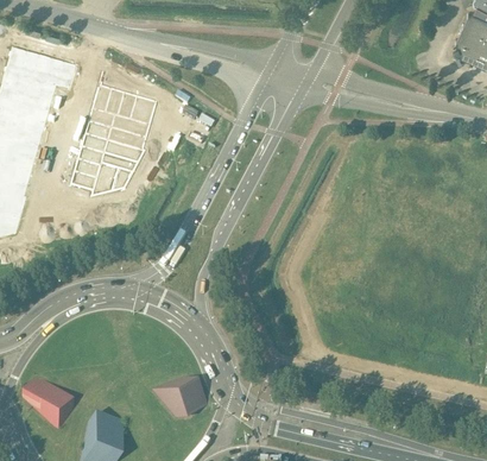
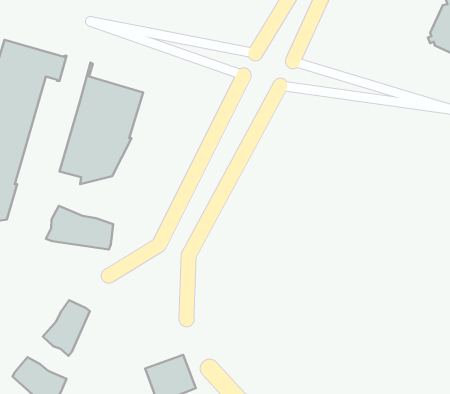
building: none -> [46,206,113,249]
building: none -> [43,300,90,356]

